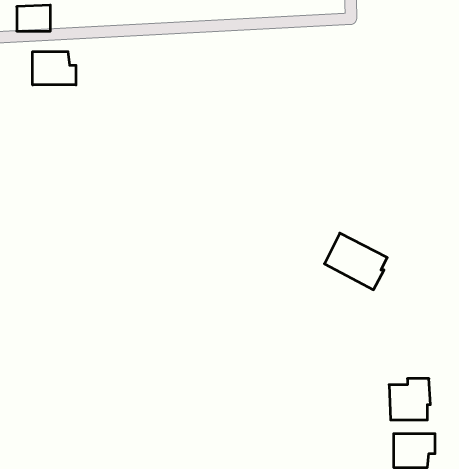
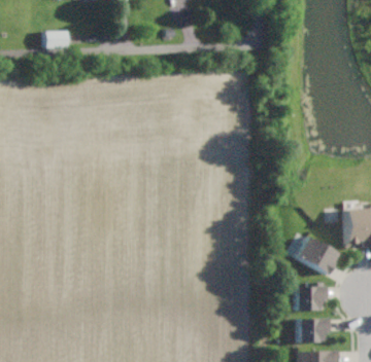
building: [33,52,76,85] -> none
building: [324,233,387,290] -> [295,238,337,276]

